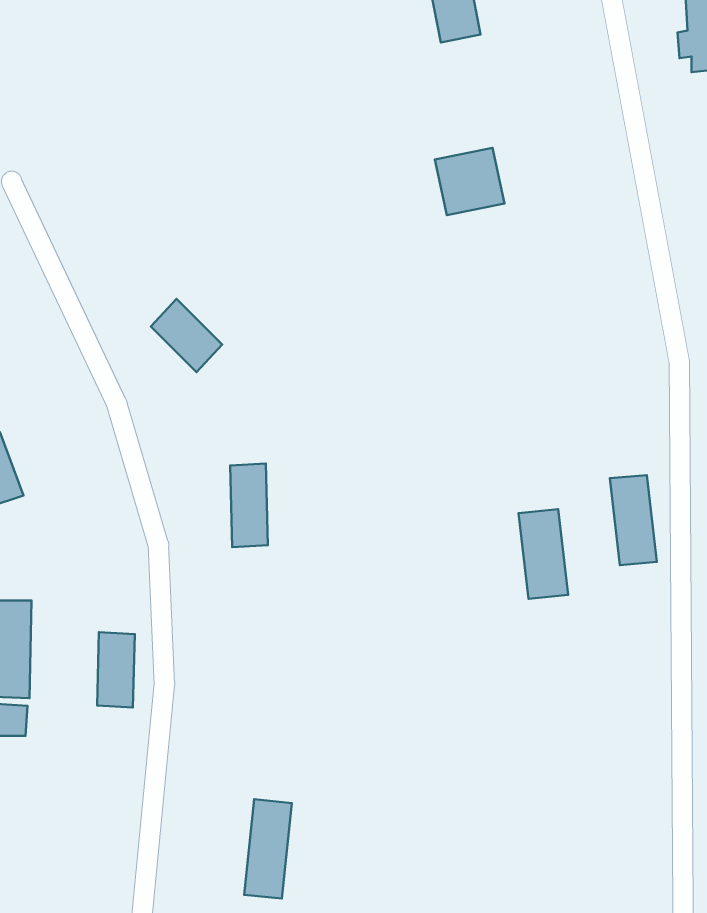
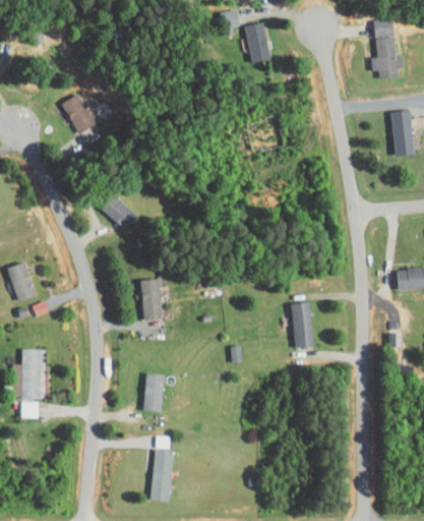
building: none -> [63,95,94,133]
building: [610,475,657,565] -> none
building: [97,632,135,708] -> [144,373,164,412]

